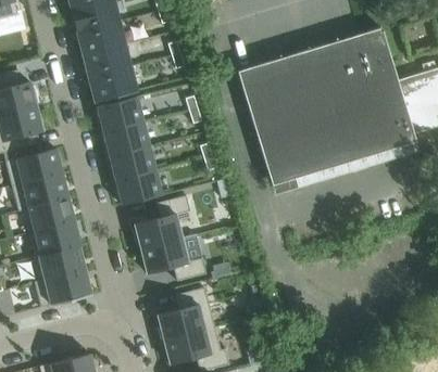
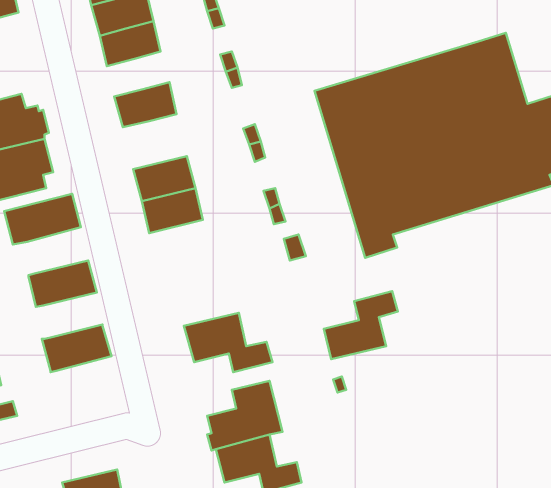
building: [83,41,129,75] -> none
building: [96,94,142,129] -> none
building: [114,167,161,203] -> none
building: [12,172,68,210] -> none
building: [135,195,190,246] -> [324,291,398,359]
building: [29,221,82,256] -> none
building: [35,269,91,307] -> none

